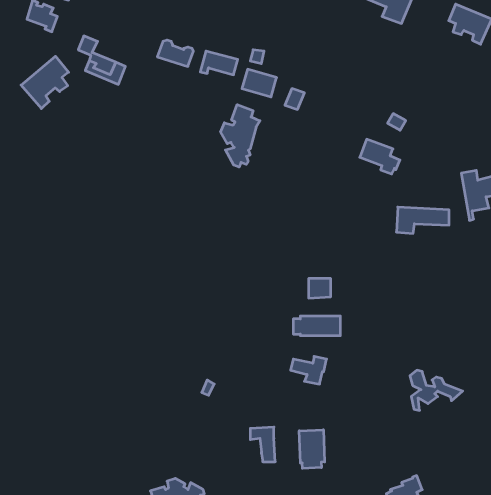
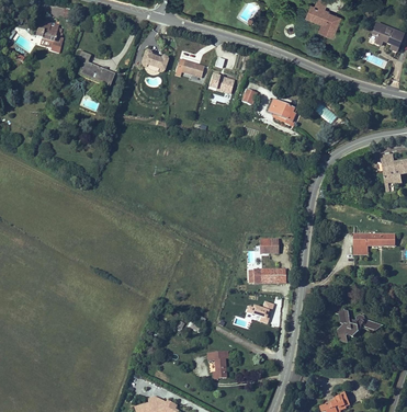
building: [21,56,69,109] -> none
building: [221,105,260,167] -> none
building: [360,139,400,174] -> [268,100,299,127]
building: [396,207,449,233] -> [354,233,396,254]
building: [299,430,325,468] -> none

